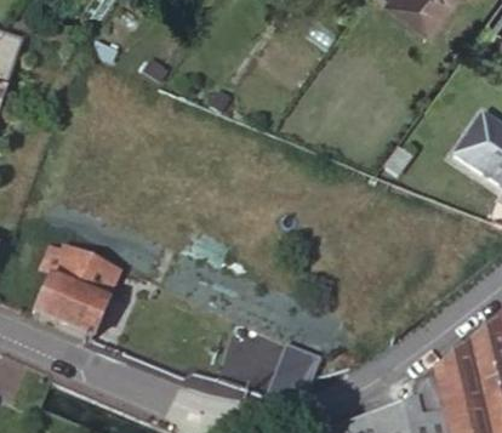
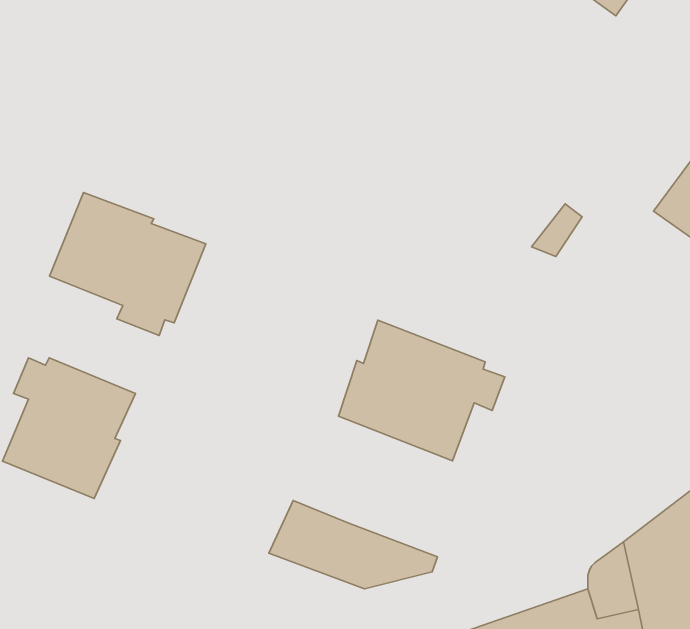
building: none -> [49,192,206,336]
building: none -> [338,320,505,461]

